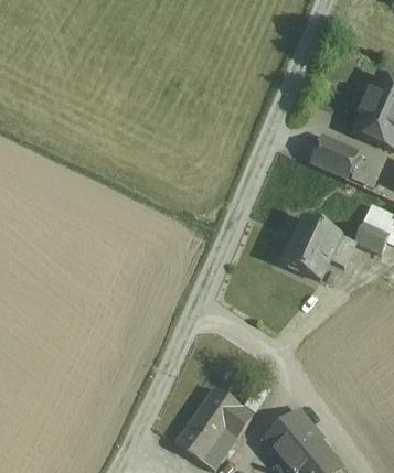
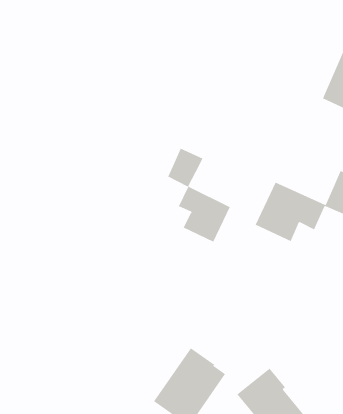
building: [309,135,358,178] -> none
building: none -> [167,148,231,243]

